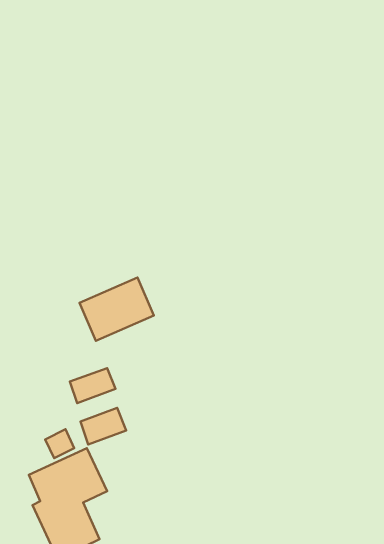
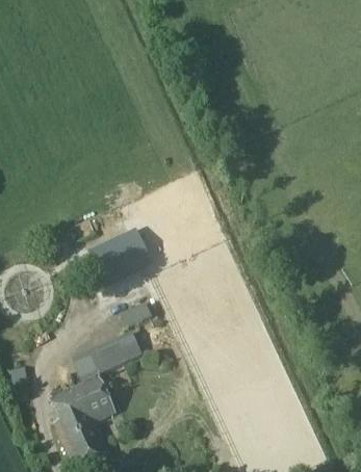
building: [70,368,116,403] -> none

